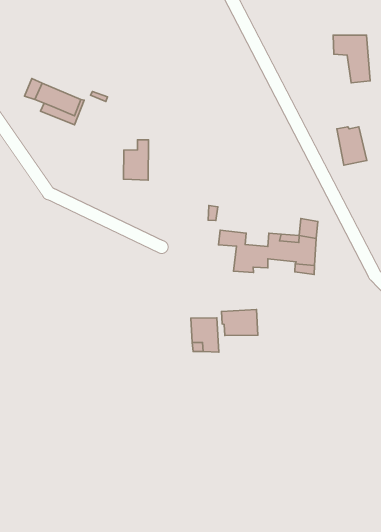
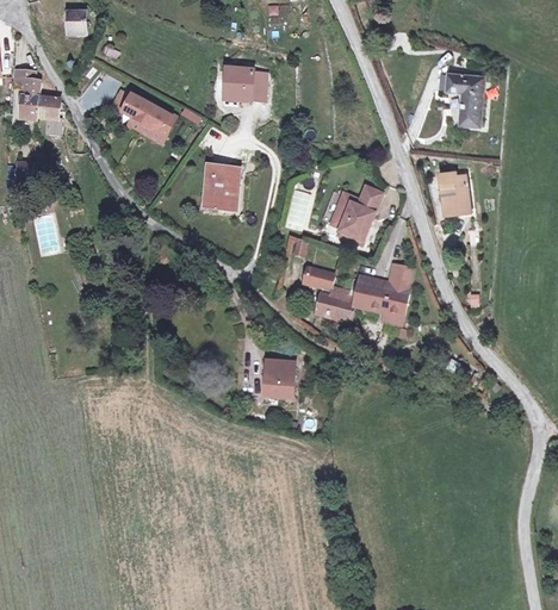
building: none -> [224,70,262,101]
building: none -> [198,161,228,204]
building: none -> [327,186,379,245]
building: [221,309,258,336] -> none

